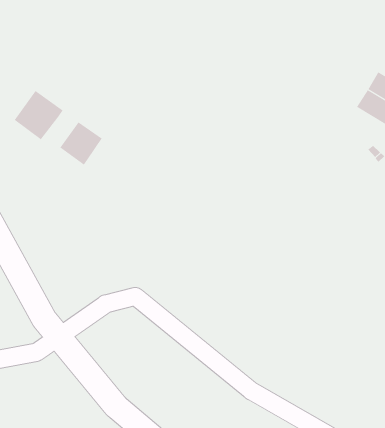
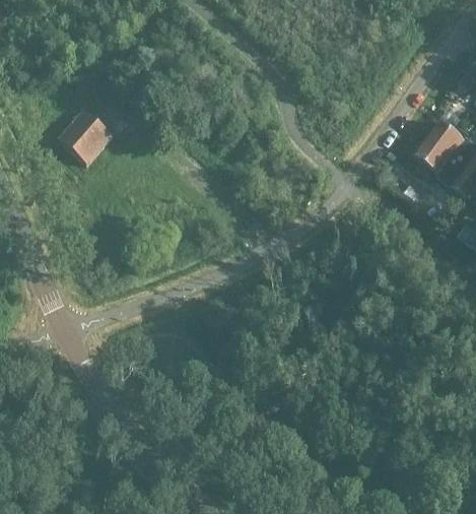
building: [59,121,103,166] -> none

